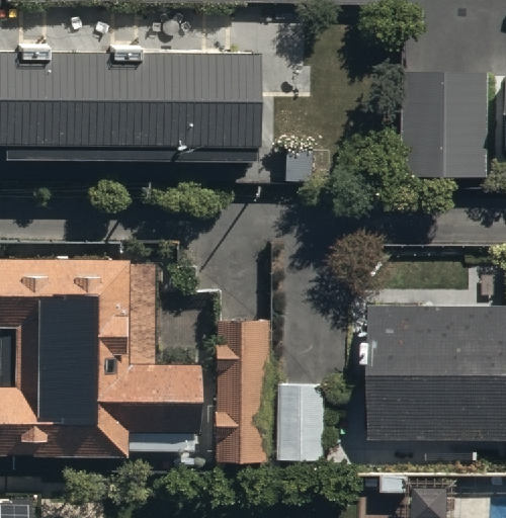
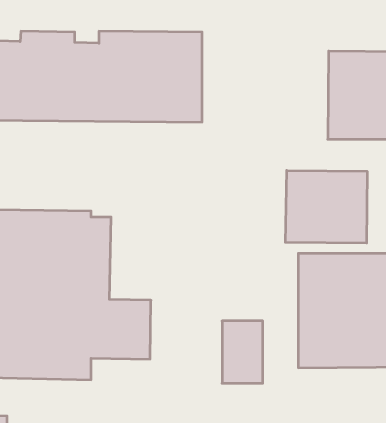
building: none -> [285,170,367,243]
building: [215,323,269,462] -> none

